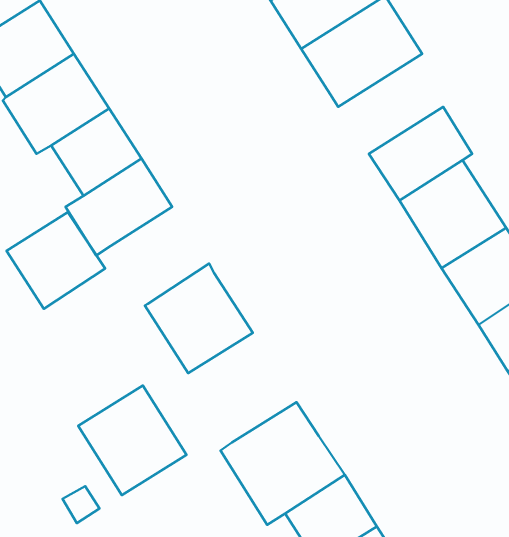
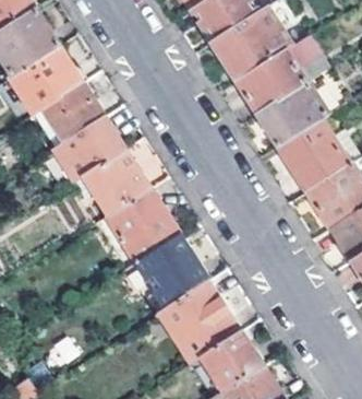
building: none -> [237,37,325,113]
building: [7,212,105,309] -> [83,149,149,214]
building: [78,386,186,495] -> [135,234,208,308]

